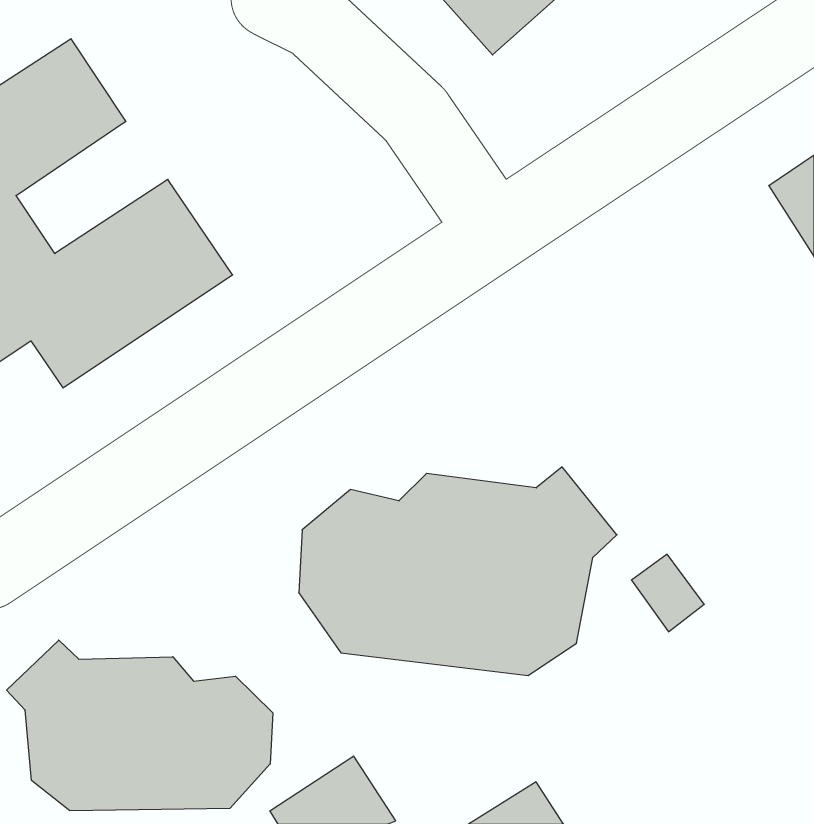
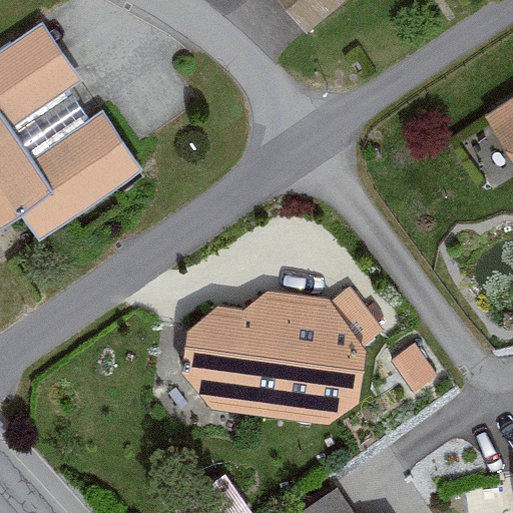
building: [7,640,273,811] -> none

